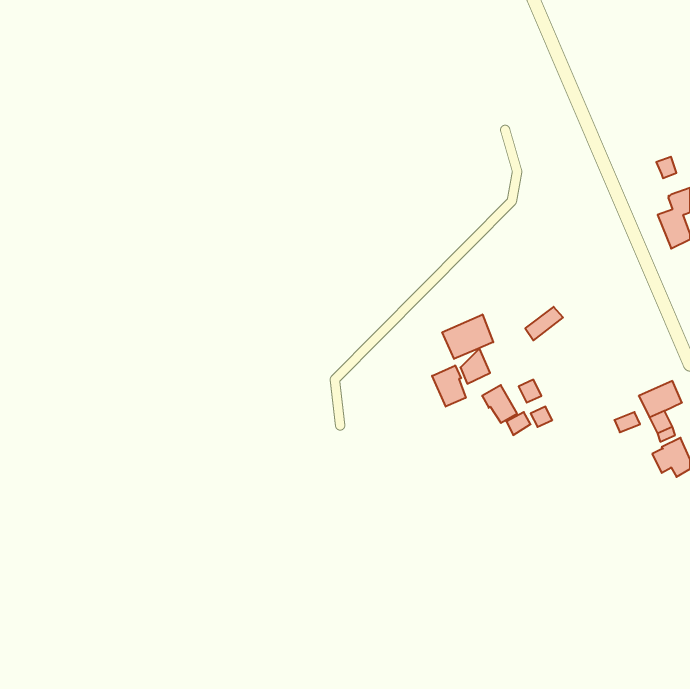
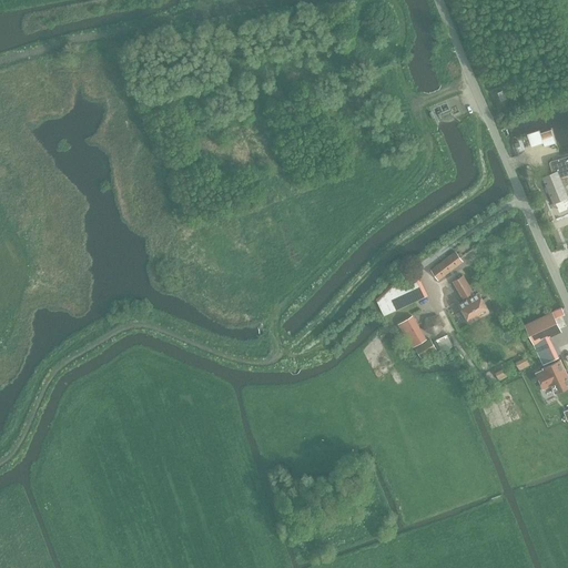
building: [442,314,493,359] -> none
building: none -> [454,276,489,323]
building: [432,365,466,407] -> none

